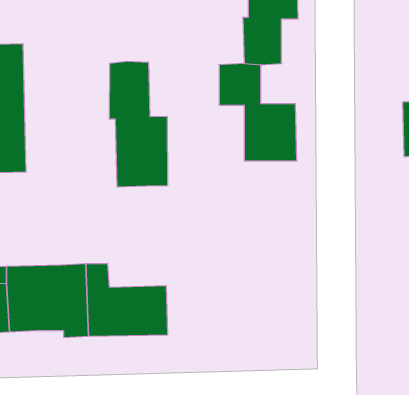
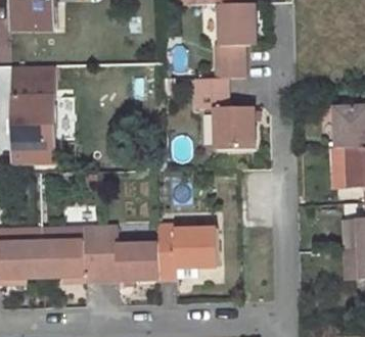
building: [110,61,167,187] -> none
building: none -> [157,223,218,277]

